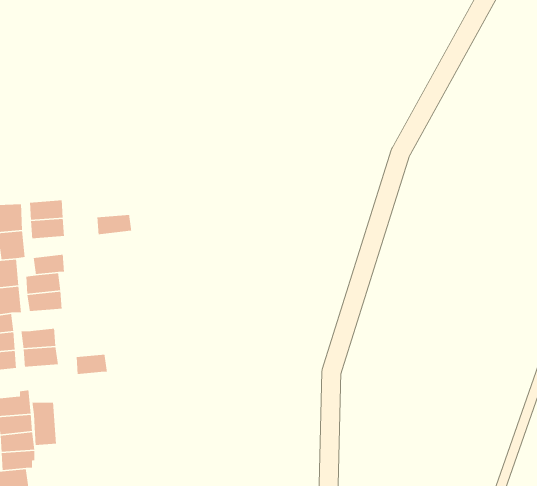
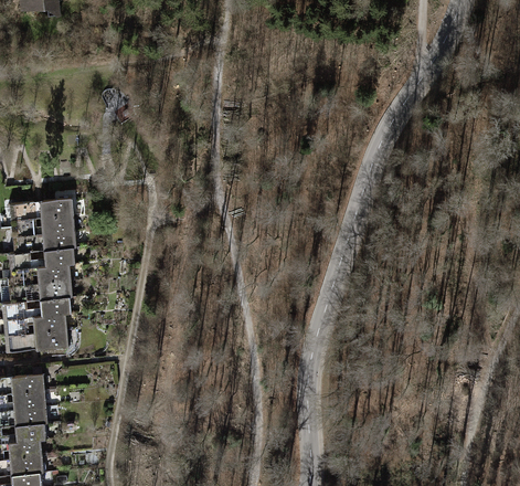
building: [97,214,132,235] -> [43,232,75,251]
building: [76,354,108,375] -> [41,297,70,316]
building: [32,402,57,446] -> none

